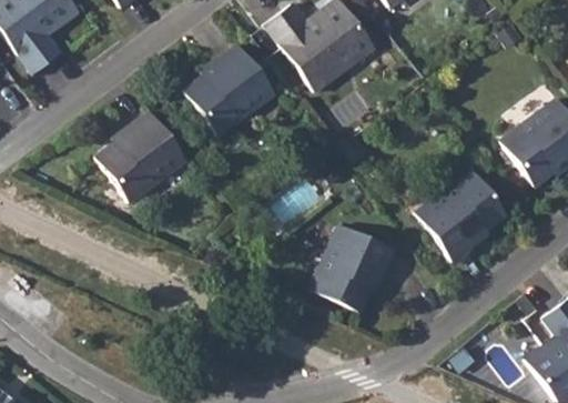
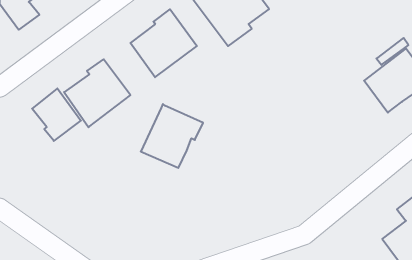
building: none -> [32,88,81,141]
building: [416,167,505,256] -> none
building: [311,223,395,310] -> [141,104,203,168]

